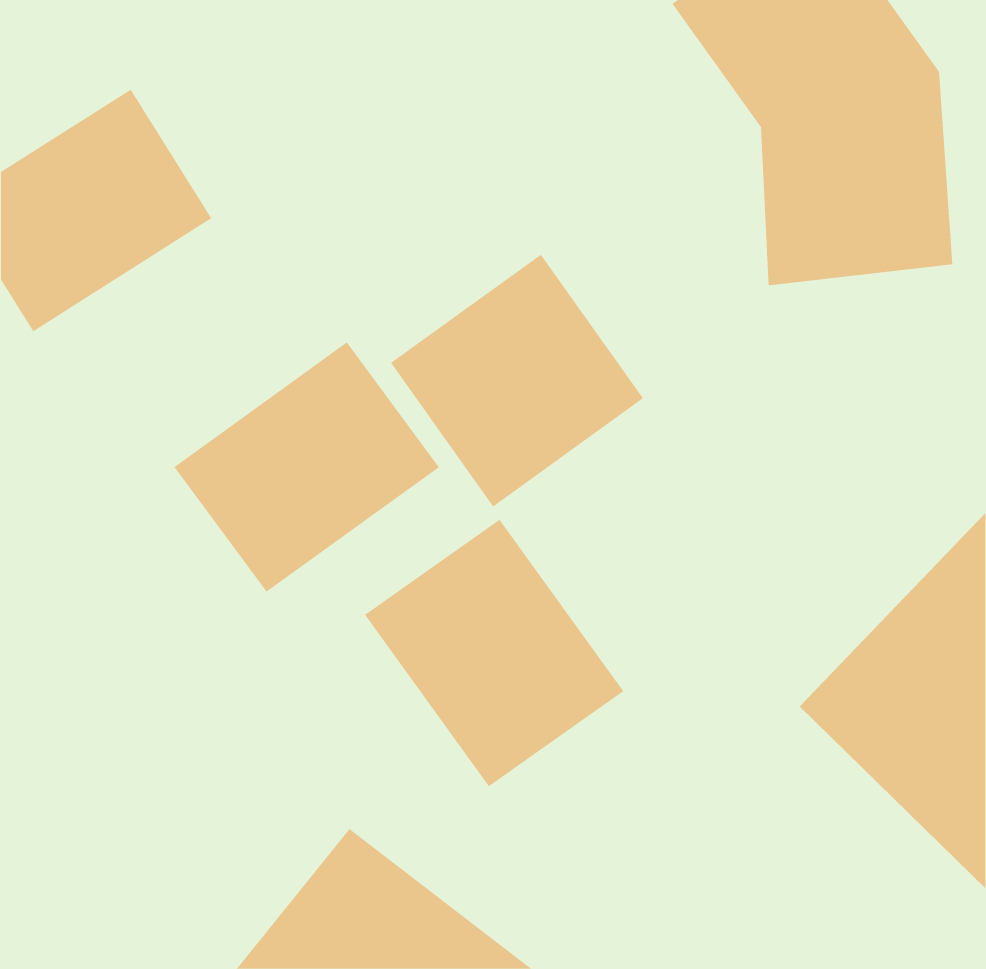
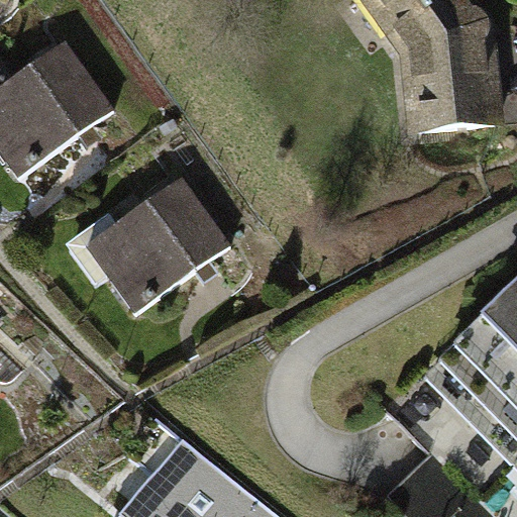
building: [390,254,644,508] -> none
building: [364,519,624,787] -> none

